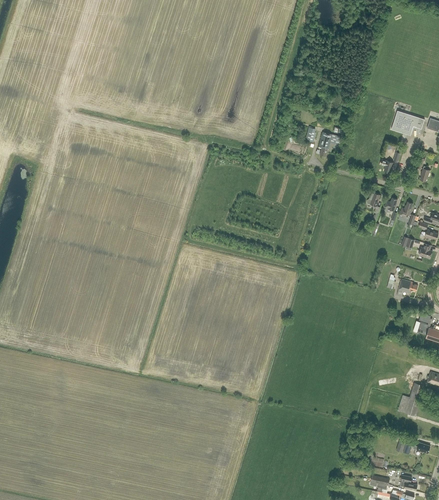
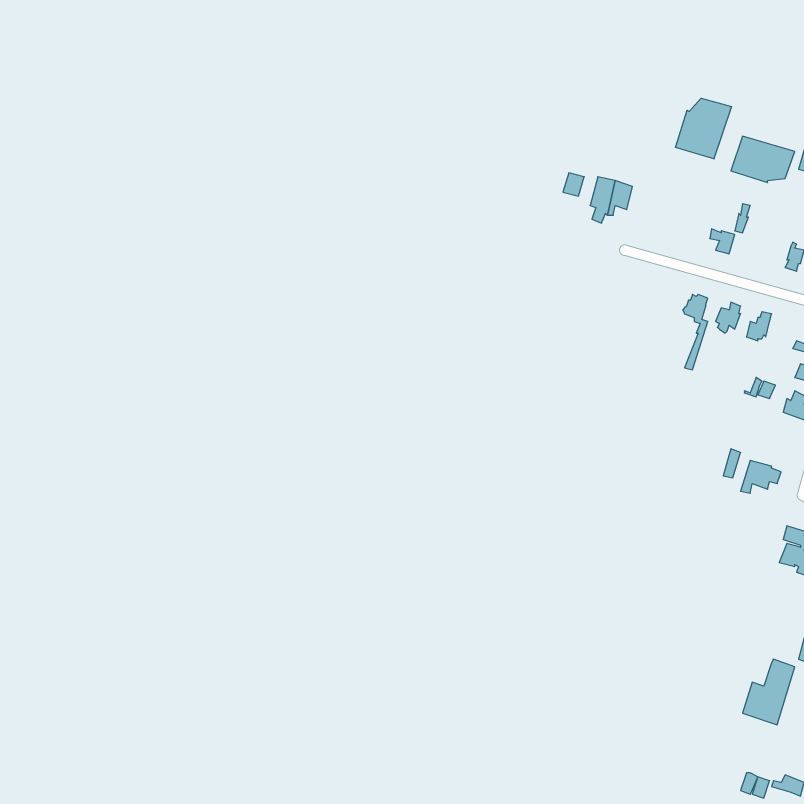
building: none -> [676,98,731,159]

